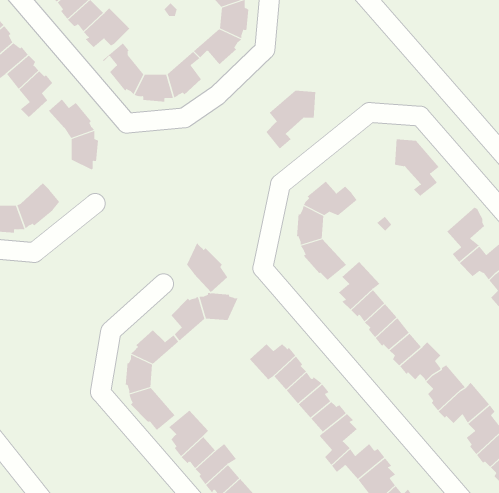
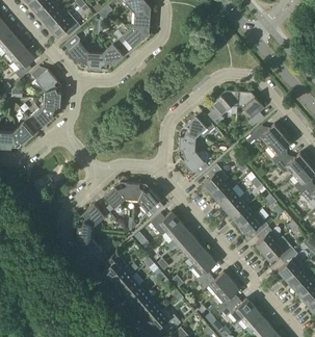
building: [265,90,316,150] -> [208,90,238,126]
building: none -> [28,104,57,129]
building: none -> [246,124,285,147]
building: [186,242,228,293] -> [138,186,163,216]

